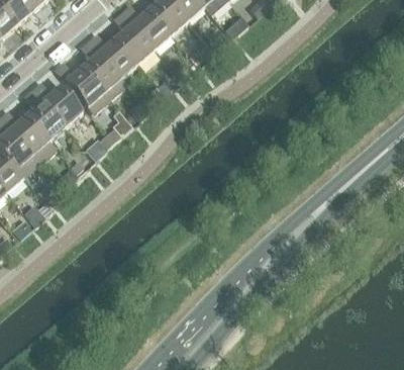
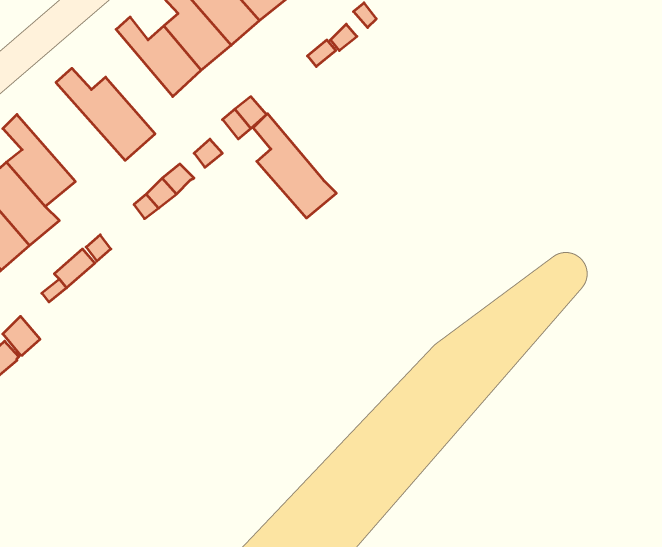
building: [81,39,128,99] -> [253,114,336,218]
building: [32,81,83,126] -> none

